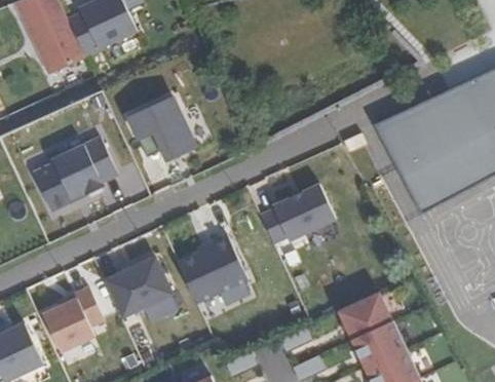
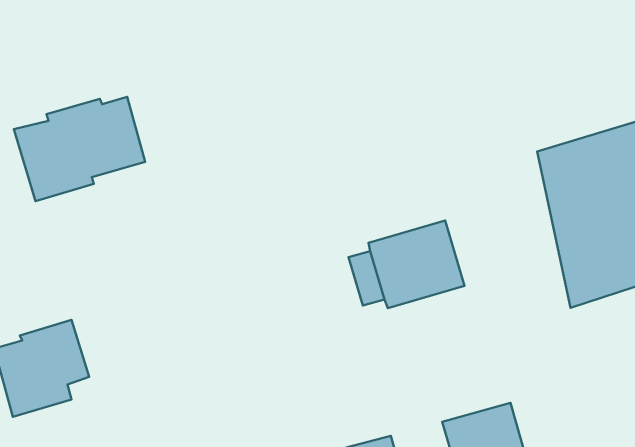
building: [125,90,199,161] -> none
building: [174,233,247,305] -> none
building: [101,252,175,319] -> none

